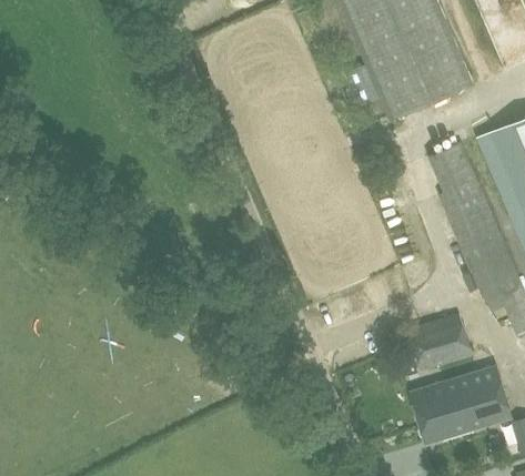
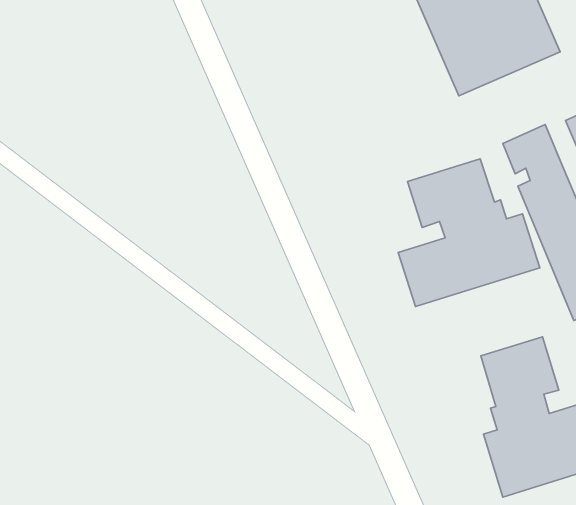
building: none -> [398,159,540,306]

